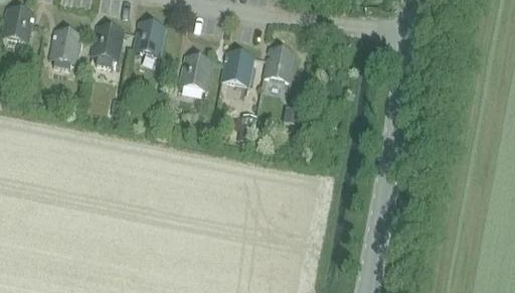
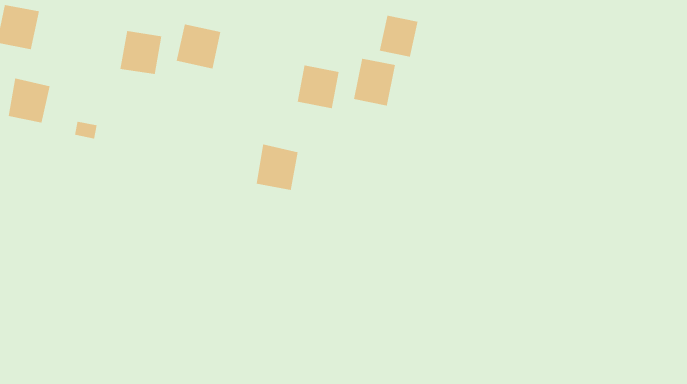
building: none -> [379,15,418,57]
building: [51,27,82,60] -> [8,78,50,123]
building: [181,52,212,87] -> [256,144,298,191]

